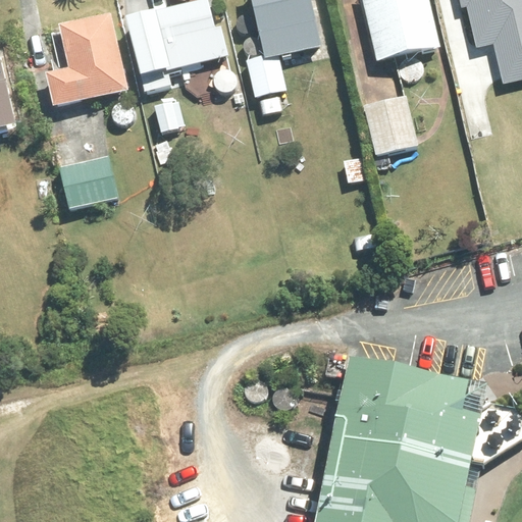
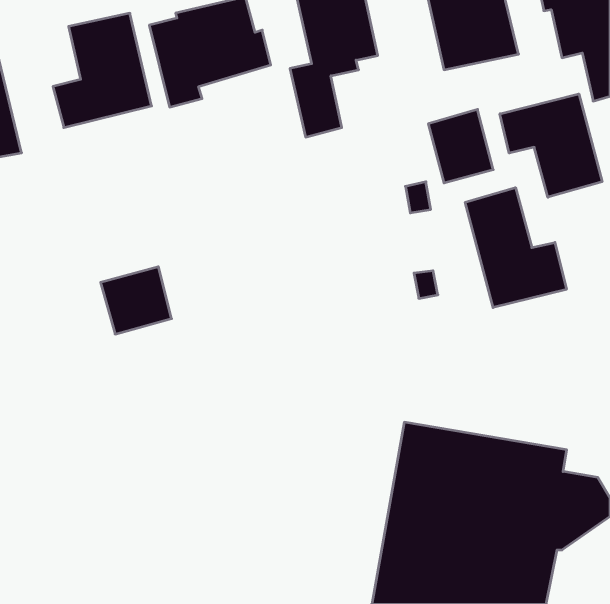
building: none -> [500,94,602,197]
building: [57,152,117,209] -> [101,267,172,334]
building: none -> [465,188,566,308]

